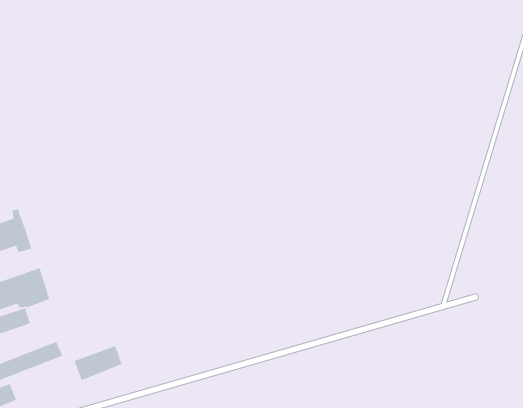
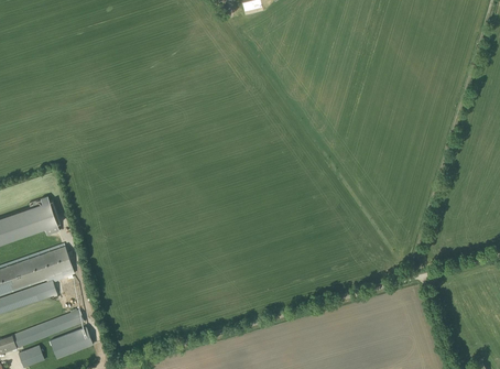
building: [73,345,122,381] -> [50,327,91,358]

